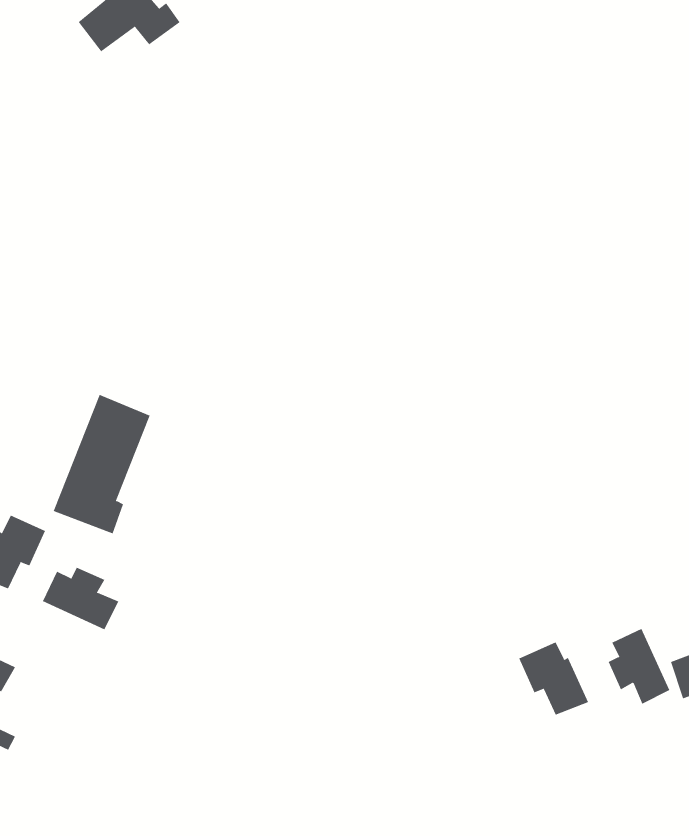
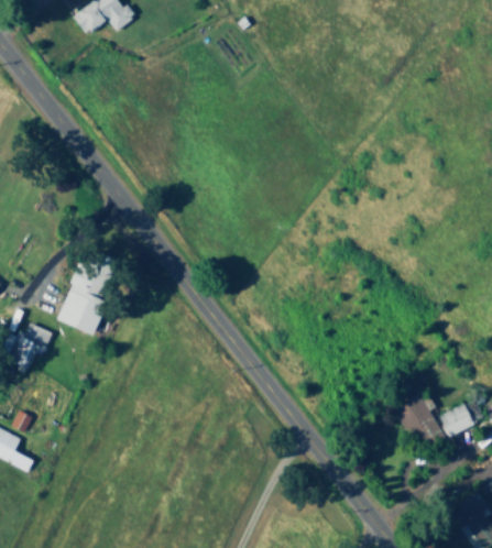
building: [42,567,119,630] -> none
building: [519,642,589,716] -> none

